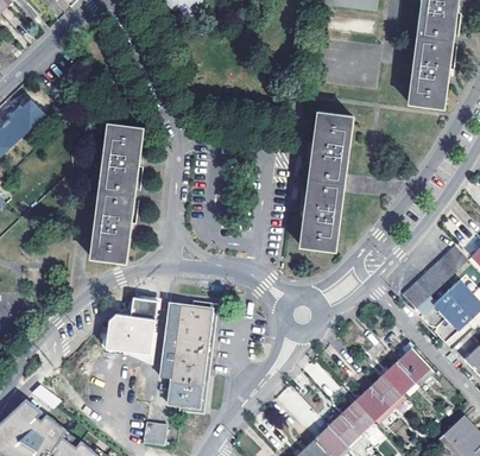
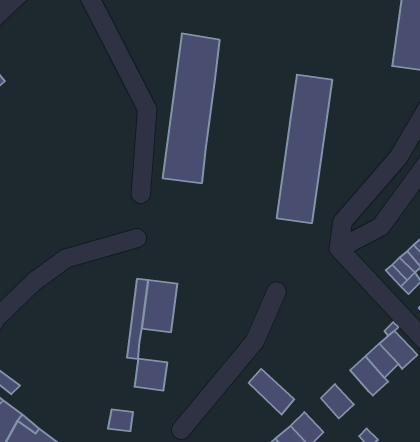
building: [89,121,143,261] -> [163,34,220,183]
building: [106,296,158,354] -> none
building: [171,348,202,380] -> none
building: [355,387,391,424] -> none
building: [327,413,359,445] -> none

